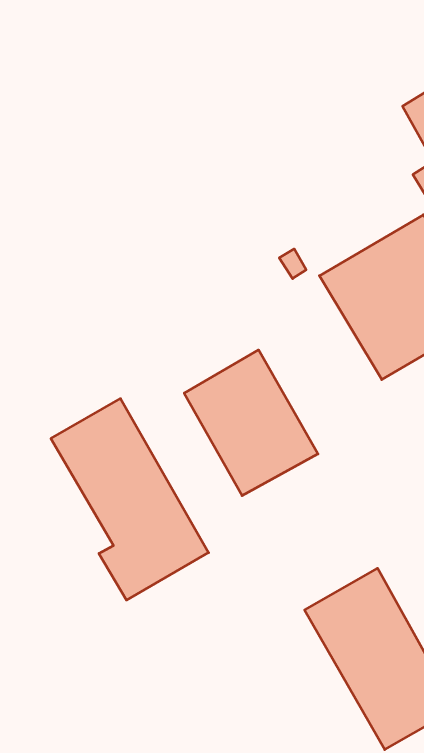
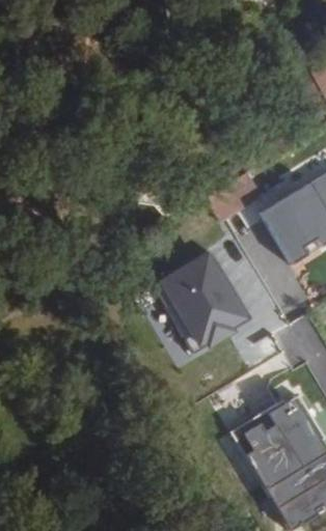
building: [51,399,209,600] -> none

